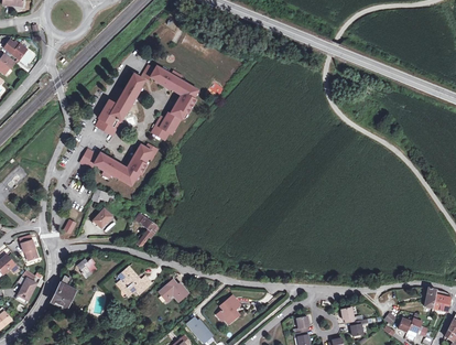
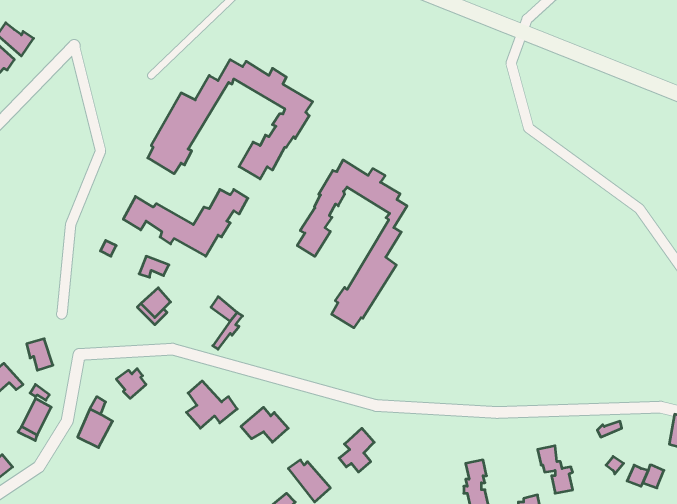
building: none -> [297,160,407,328]

